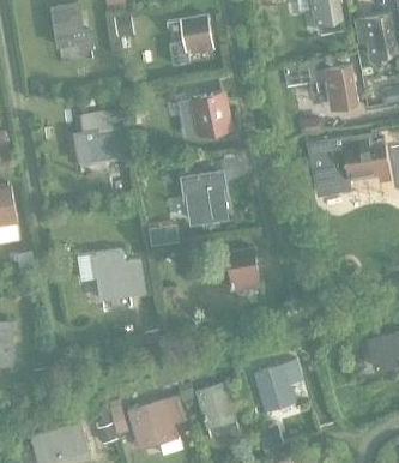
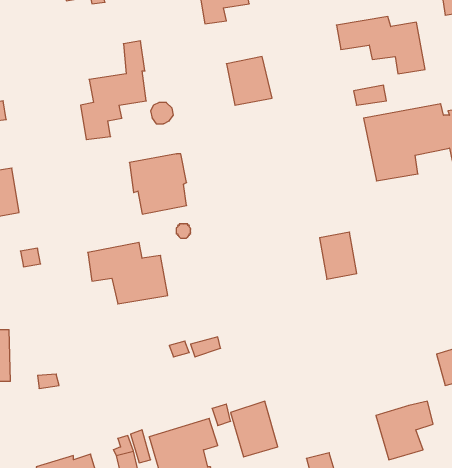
building: [181,173,229,223] -> [129,154,187,214]
building: [226,249,258,289] -> [320,232,357,279]
building: [254,361,302,410] -> [376,401,433,460]

